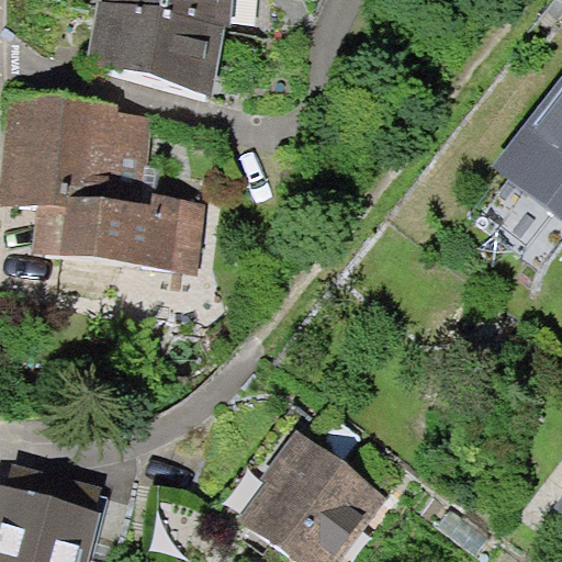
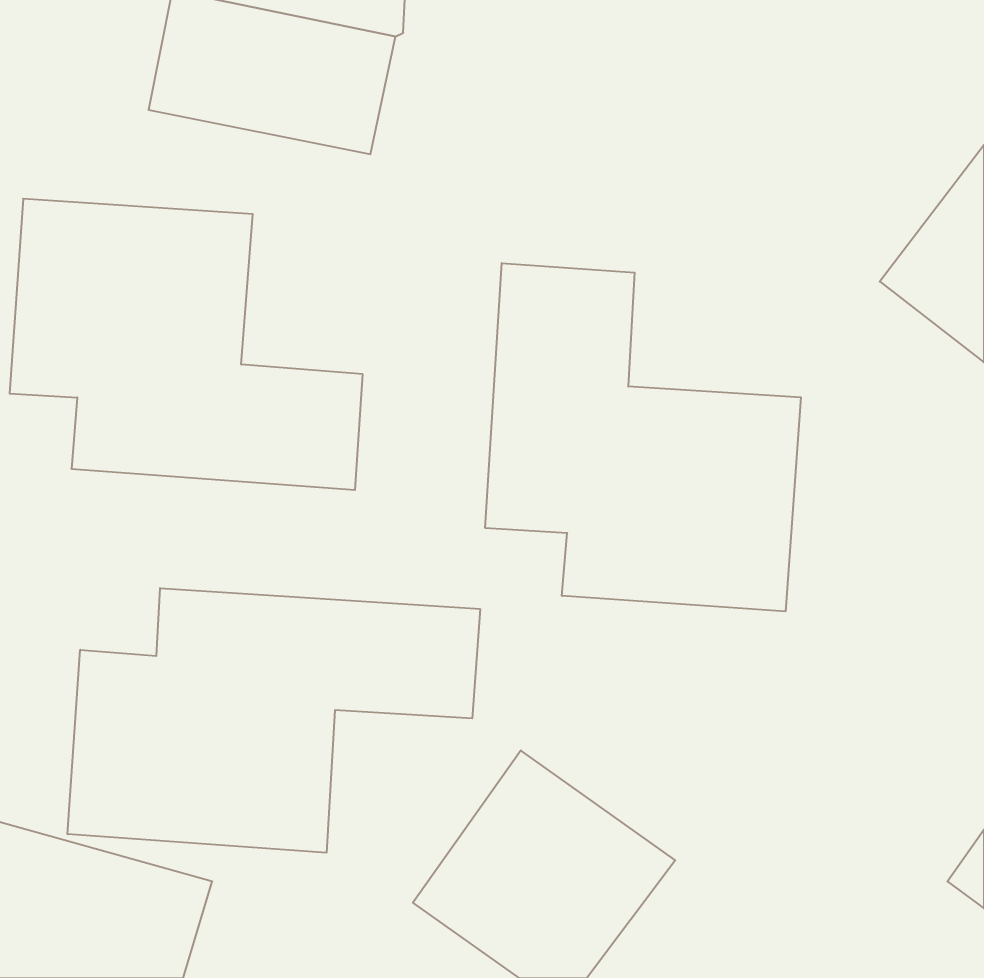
building: none -> [485,263,801,611]
building: none -> [68,588,480,853]

